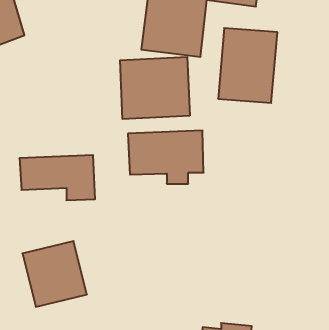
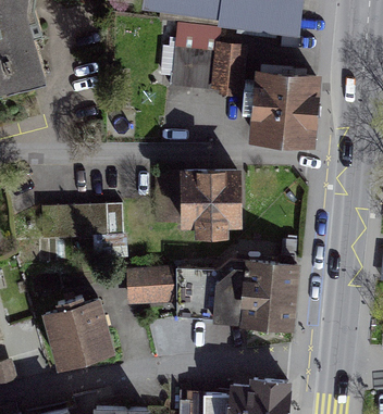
building: [120,57,190,119] -> none
building: none -> [177,256,298,327]
building: none -> [129,269,172,303]

